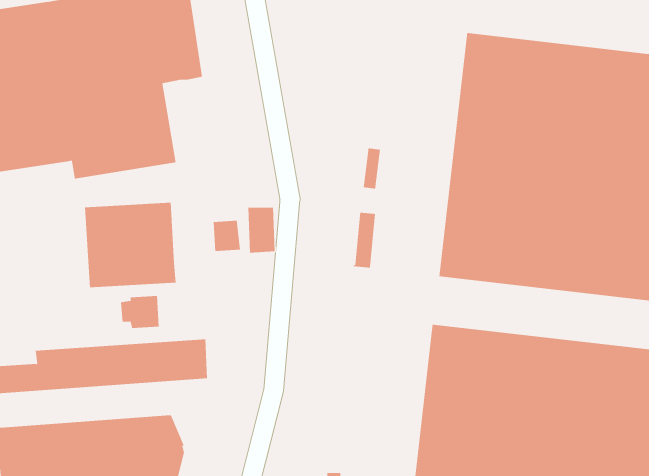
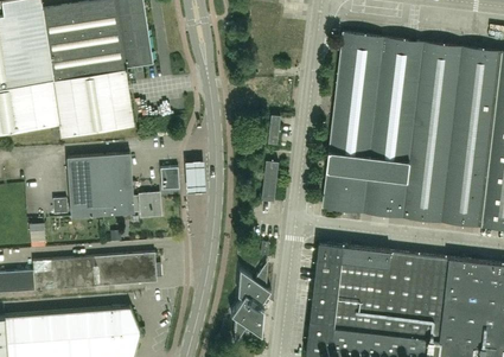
building: [120,296,160,329] -> [133,193,161,217]
building: none -> [231,268,272,344]

